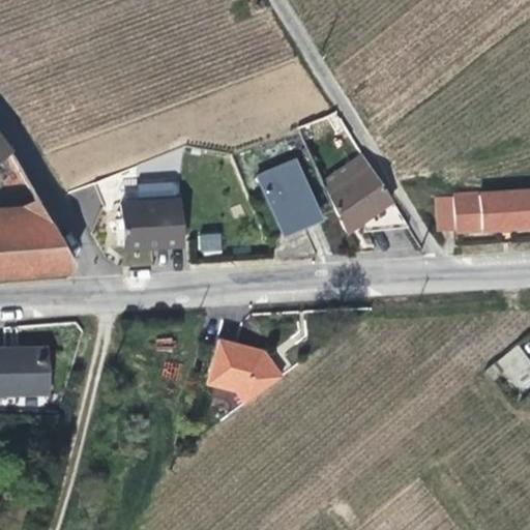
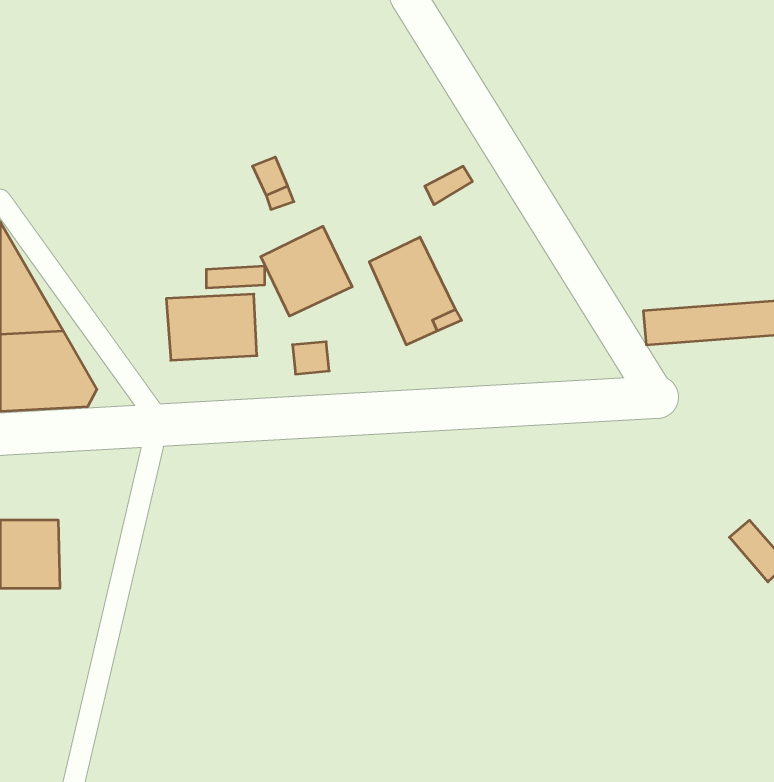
building: [319,152,407,232] -> none
building: none -> [261,226,352,316]
building: [211,334,287,399] -> none

